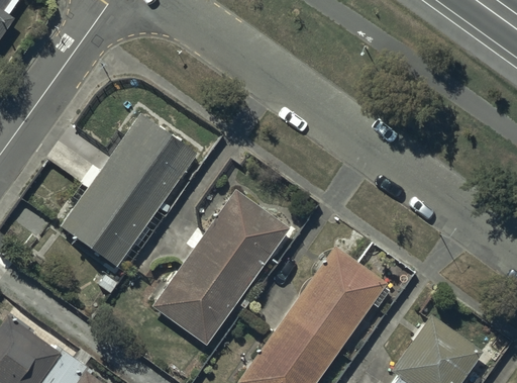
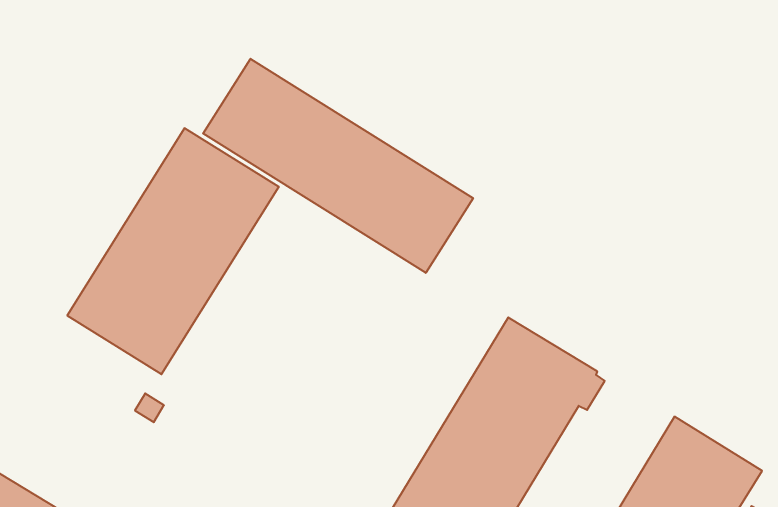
building: none -> [203,59,473,273]
building: [150,191,290,347] -> none

